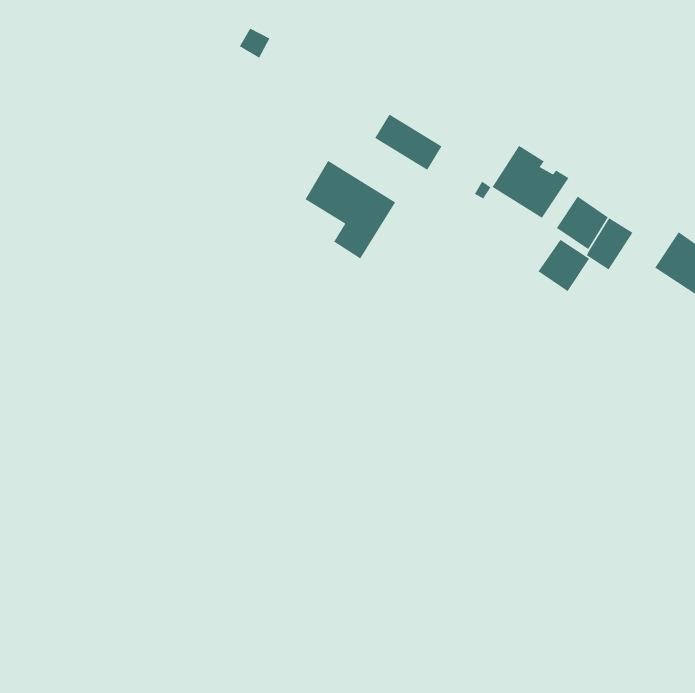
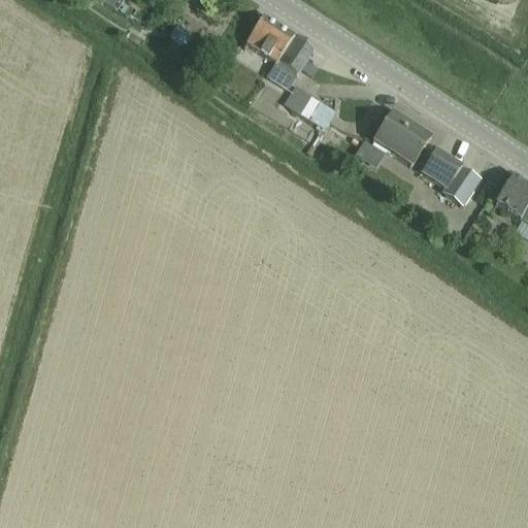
building: [305,160,396,260] -> [246,13,316,89]
building: [537,239,590,292] -> none

